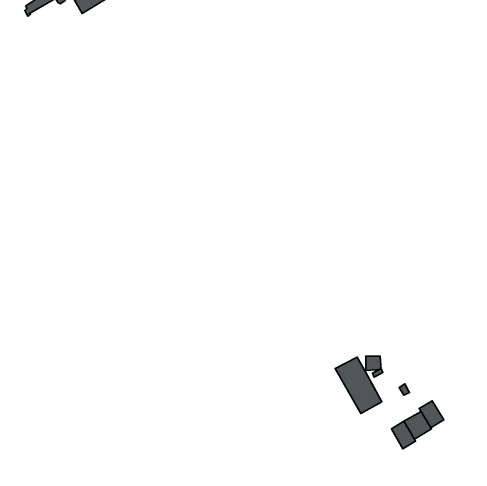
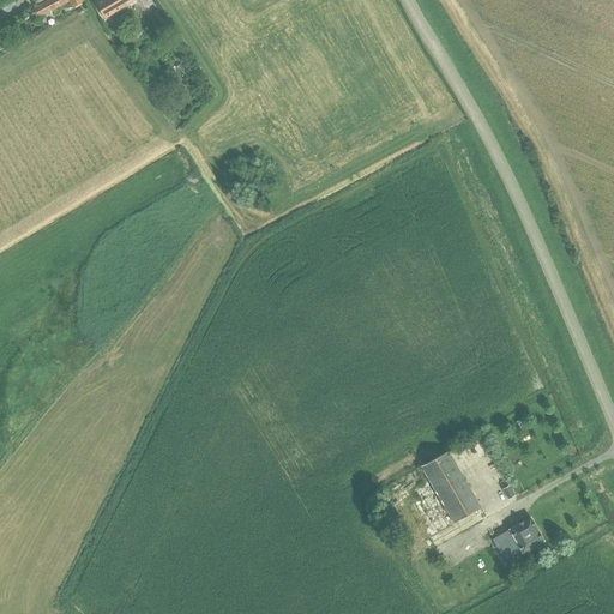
building: [419,401,444,427] -> none

